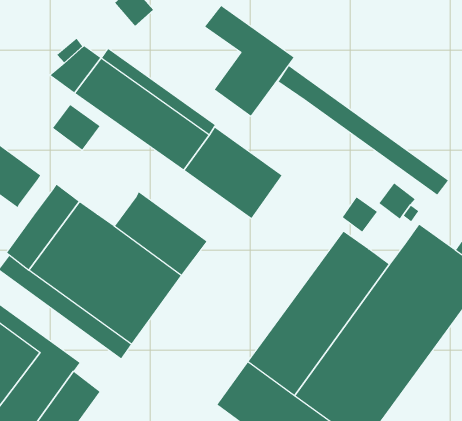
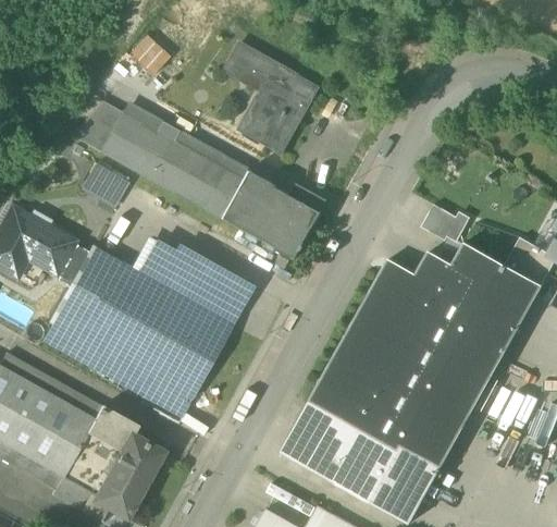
building: [278,65,449,196] -> none
building: none -> [55,244,87,281]
building: none -> [136,240,173,282]
building: [342,197,378,233] -> [417,252,453,287]

